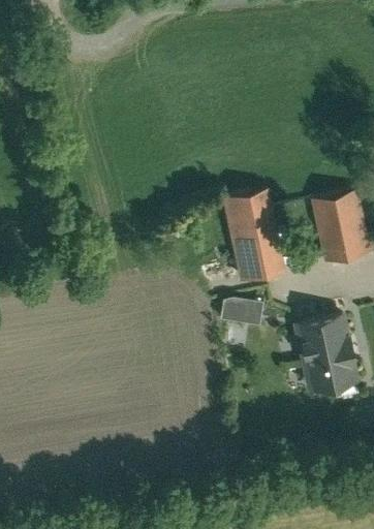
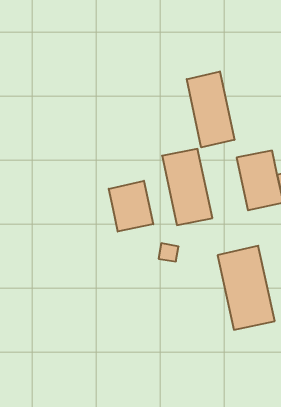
building: none -> [187,71,234,147]
building: none -> [109,181,153,232]

